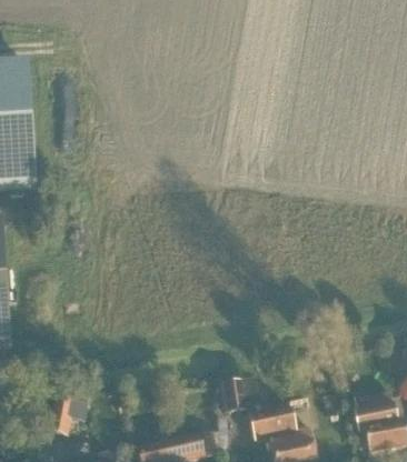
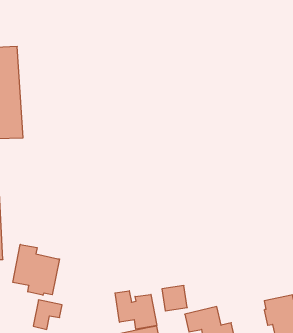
building: none -> [13,244,59,295]
building: none -> [115,291,157,329]

